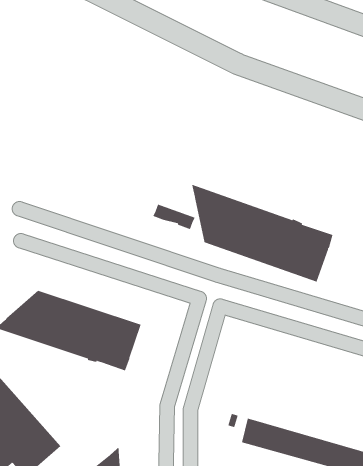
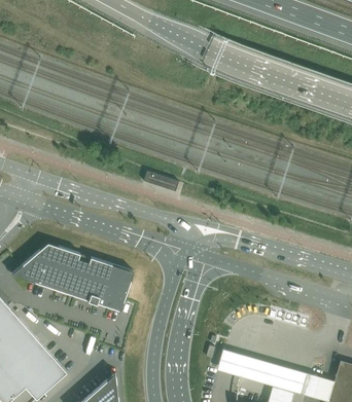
building: [191,184,333,283] -> none

